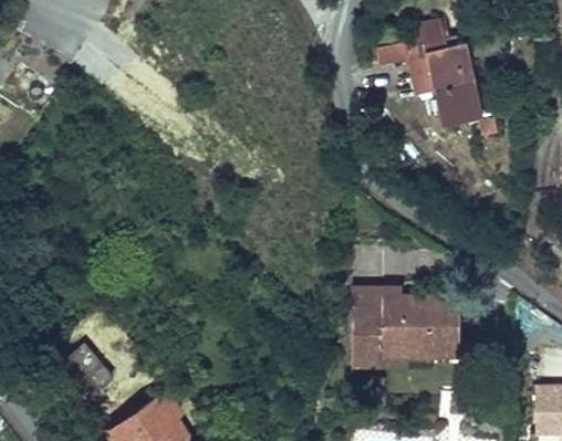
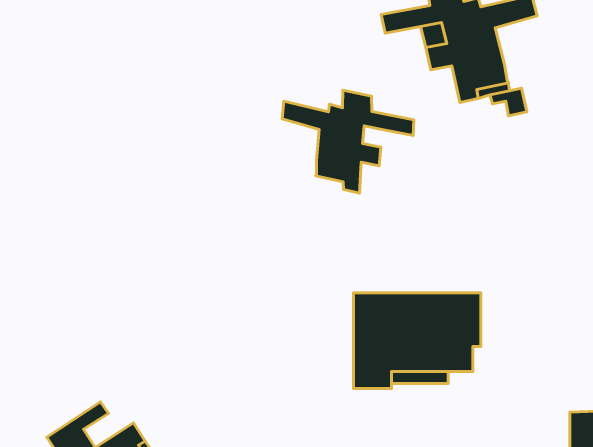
building: none -> [282,90,414,193]
building: [63,349,112,399] -> none

